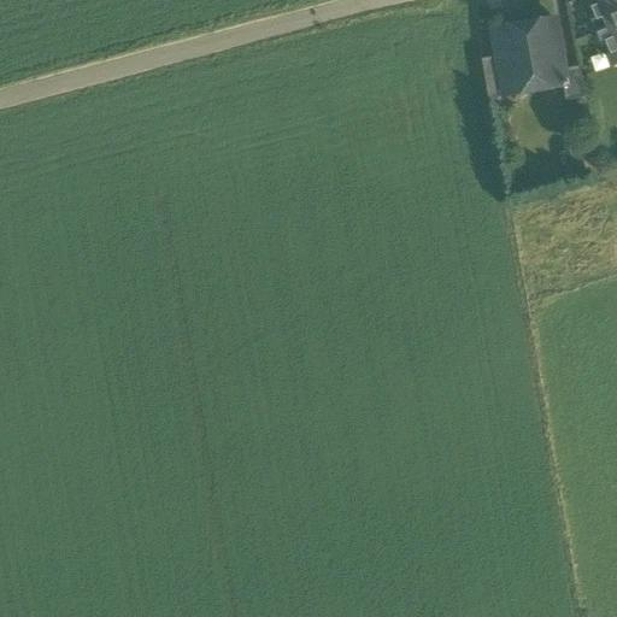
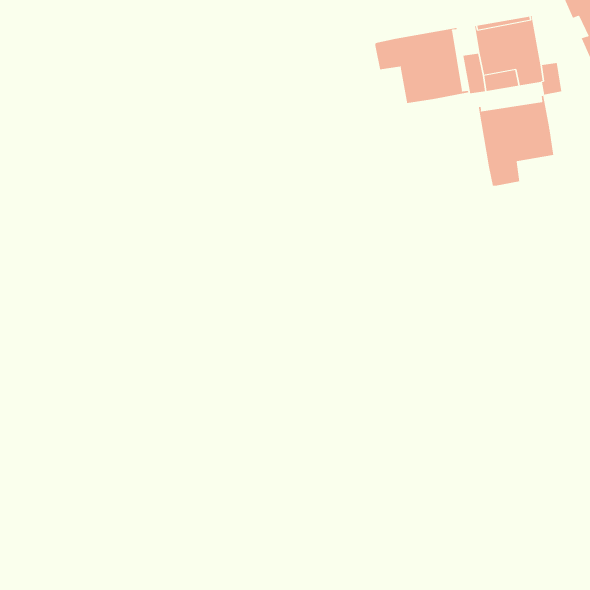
building: none -> [375,27,469,104]
building: none -> [478,95,554,187]

